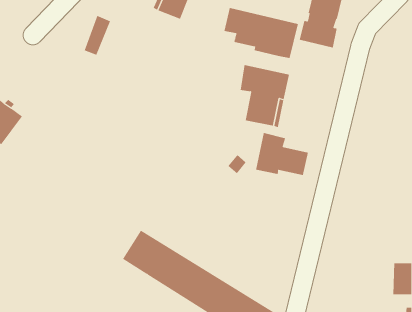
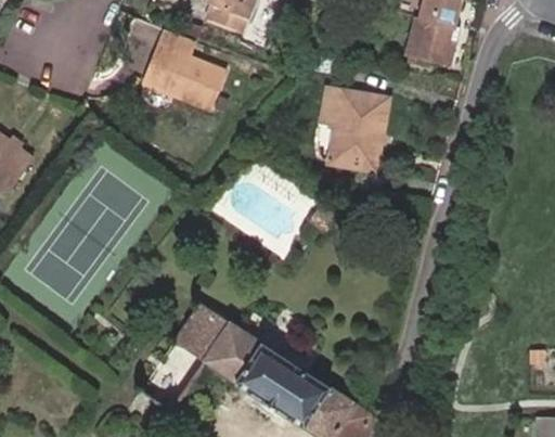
building: [224,7,298,59] -> none
building: none -> [149,25,230,108]
building: [256,132,309,176] -> none

